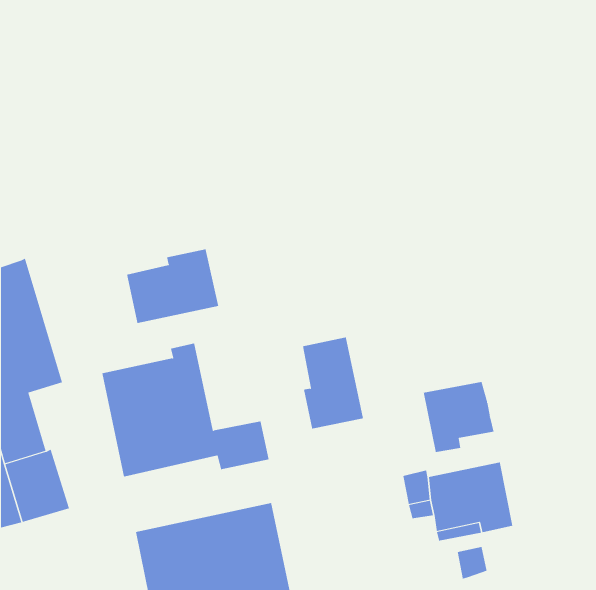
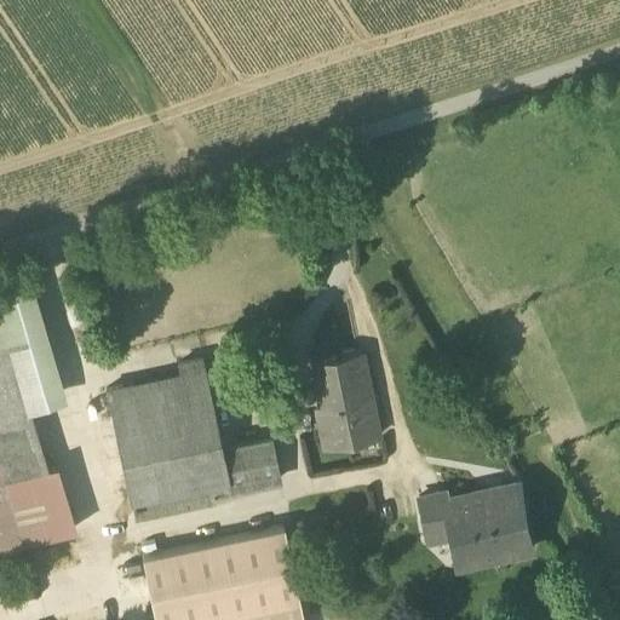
building: [127,248,219,324] -> none
building: [423,381,494,453] -> none
building: none -> [130,480,229,524]
building: [457,546,487,579] -> none

